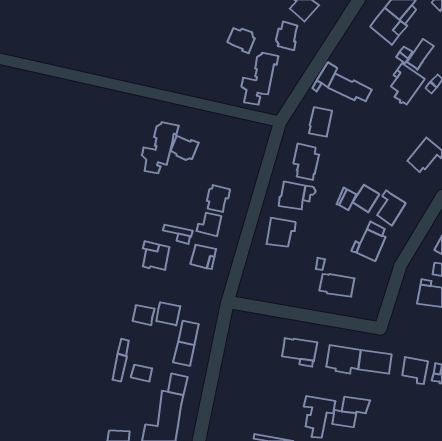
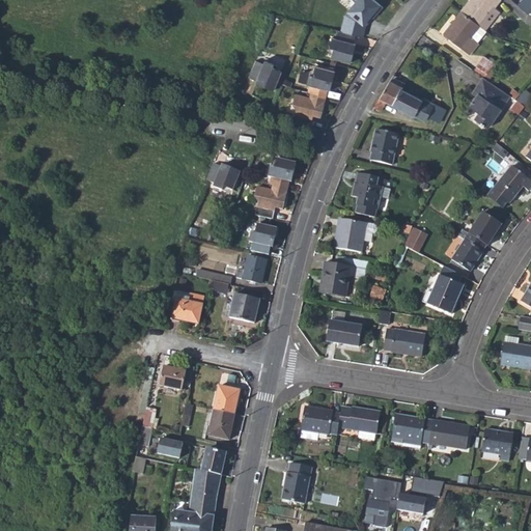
building: [227,28,255,53] -> [247,60,280,90]
building: [407,39,434,70] -> none
building: [142,122,179,173] -> [252,156,297,217]
building: [353,185,379,212] -> [469,212,501,245]
building: none -> [327,319,362,345]
building: [156,302,180,326] -> none
building: none -> [301,406,340,440]
building: none -> [281,463,311,503]

